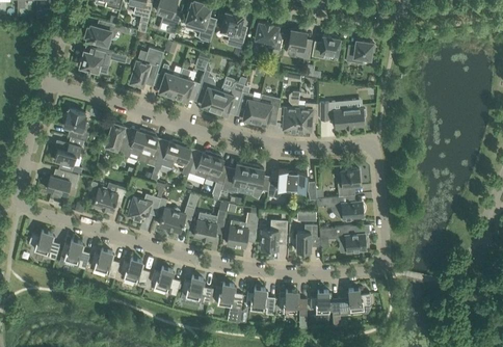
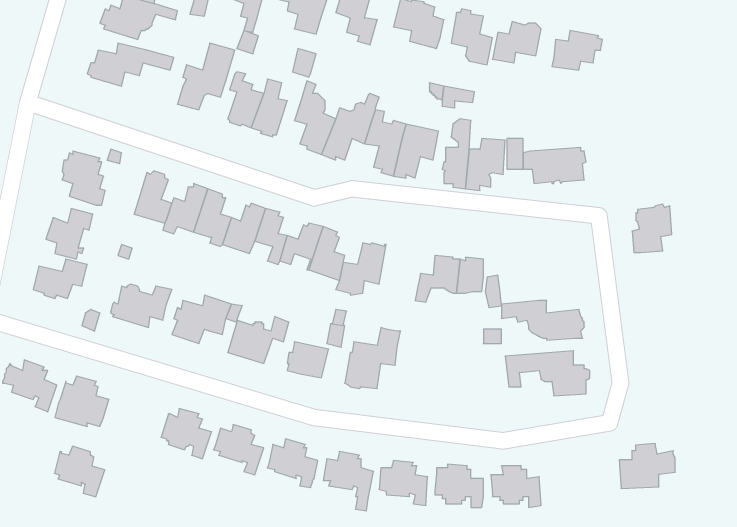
building: [246,163,270,198] -> none
building: [338,167,361,195] -> [632,204,672,253]
building: [260,219,288,249] -> none
building: [297,223,317,251] -> none
building: [91,248,121,277] -> [54,446,105,497]
building: [339,288,371,314] -> [619,444,675,489]

